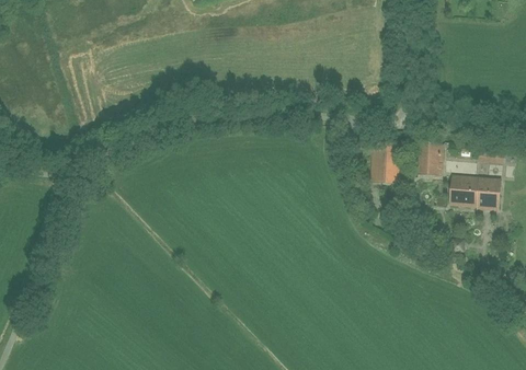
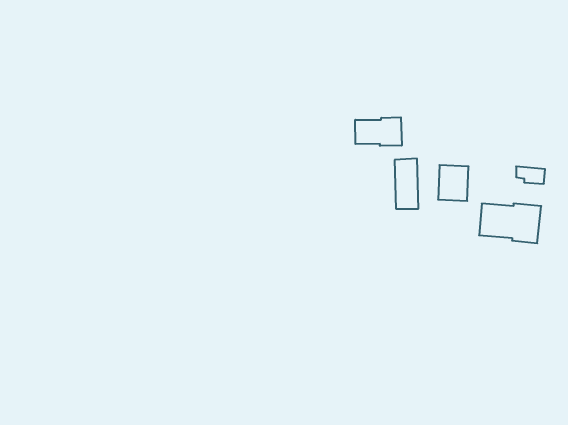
building: none -> [355,117,402,146]

